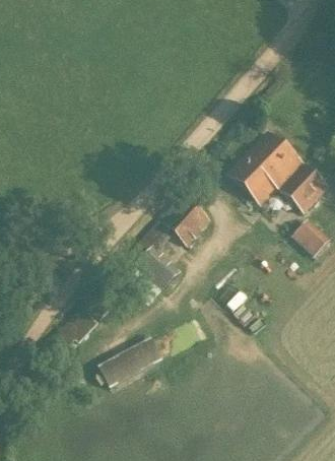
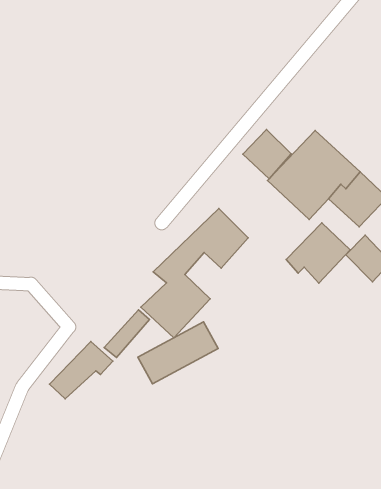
building: none -> [243,129,291,179]
building: none -> [286,223,350,283]
building: [106,335,173,387] -> [138,322,218,384]

